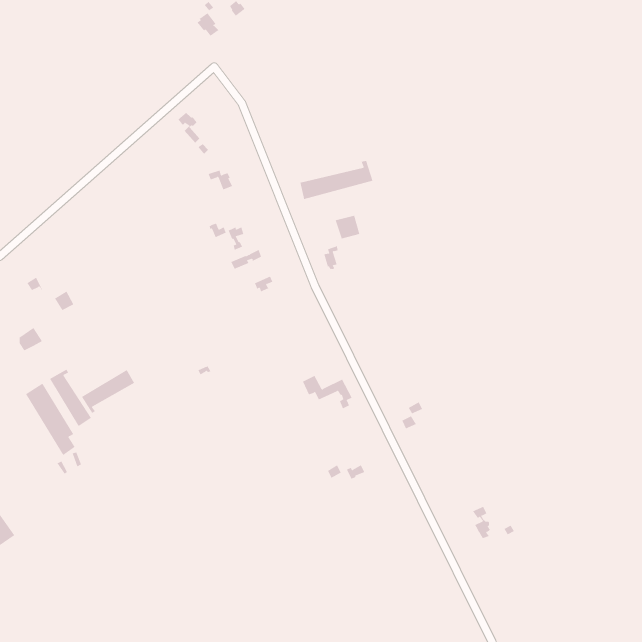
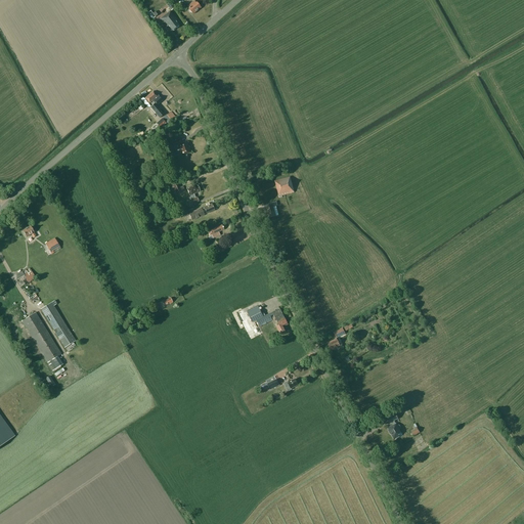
building: [300,160,373,200] -> none
building: [81,369,135,414] -> none

